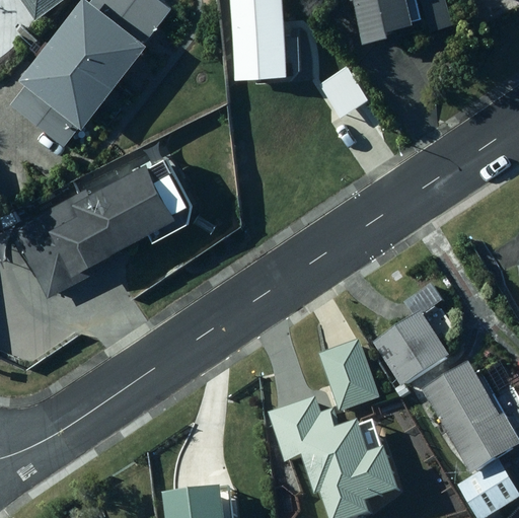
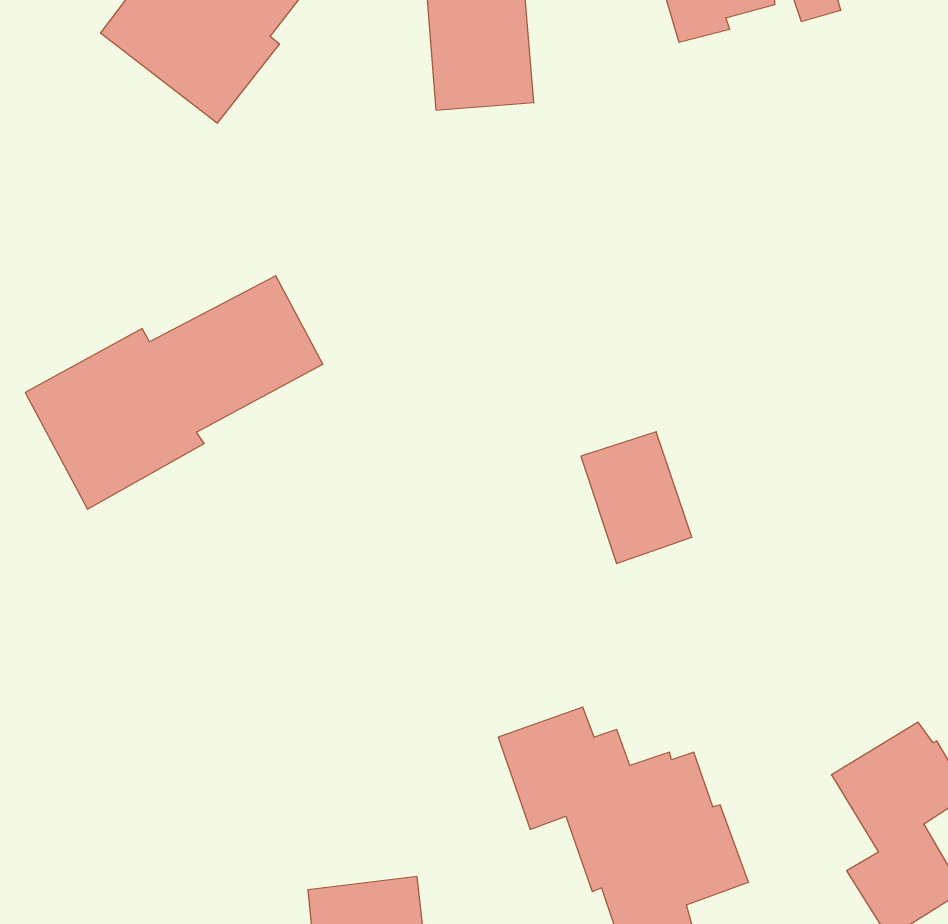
building: [11,34,118,142] -> none
building: [374,285,495,434] -> none
building: [318,341,378,412] -> [581,432,692,564]

